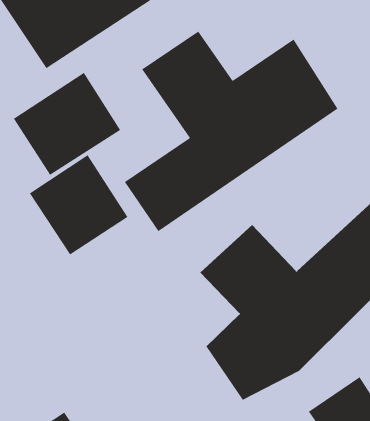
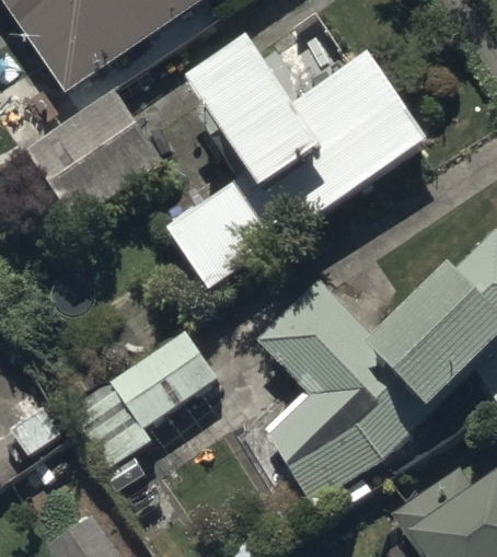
building: [29,154,128,256] -> none
building: none -> [69,327,216,471]

